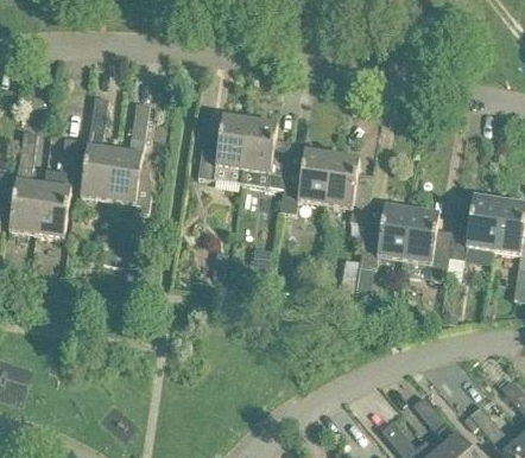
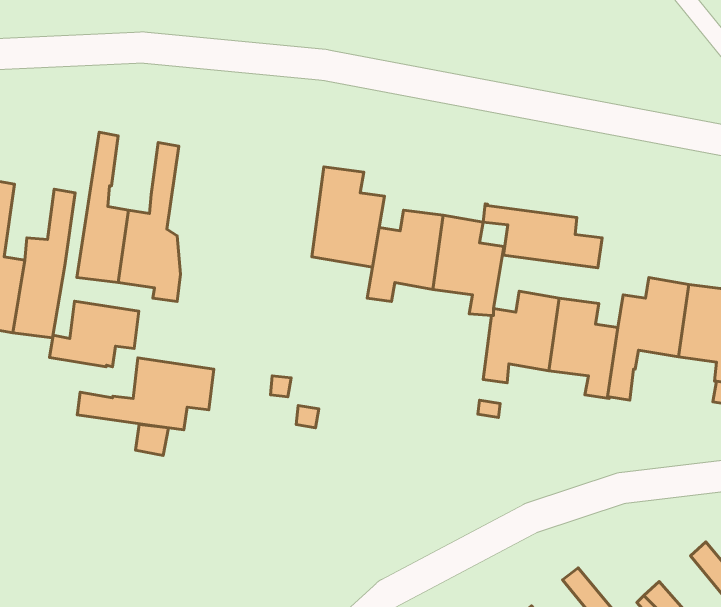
building: [197,115,249,182] -> none
building: none -> [483,204,602,268]
building: none -> [50,301,139,367]
building: none -> [77,358,214,430]

